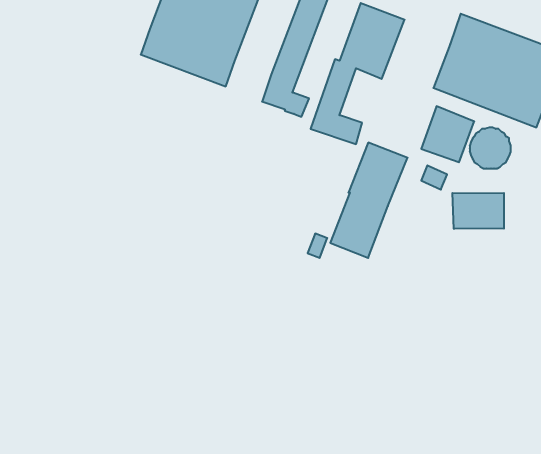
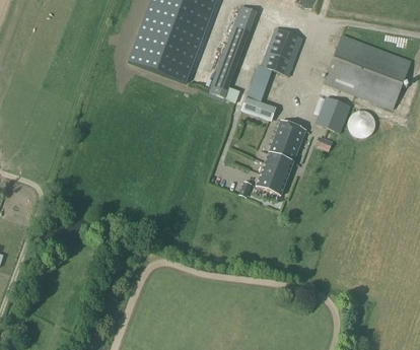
building: [452,193,504,229] -> none

